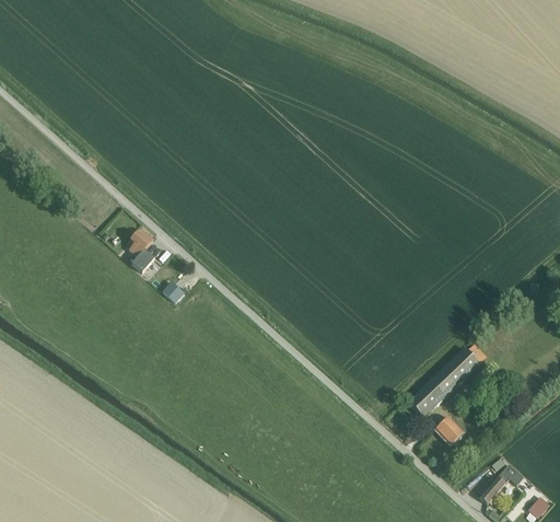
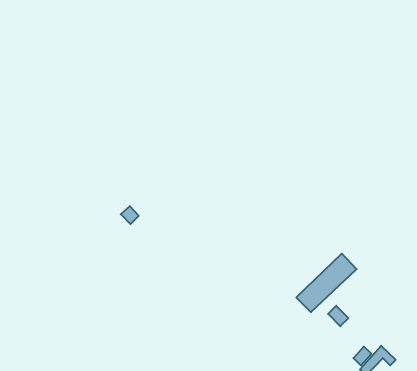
building: [128,233,154,271] -> none

